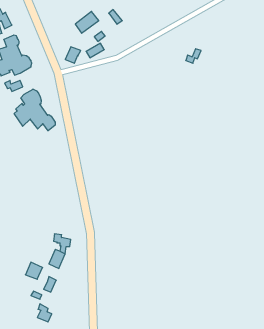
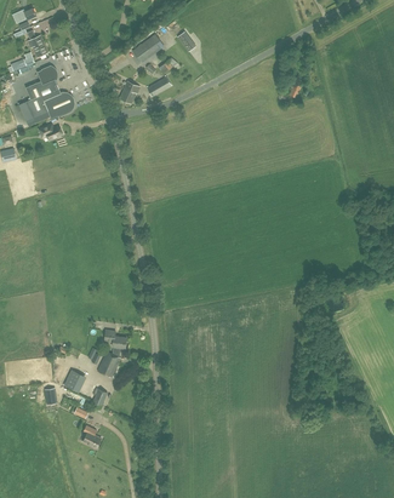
building: [14,89,55,131] -> none

